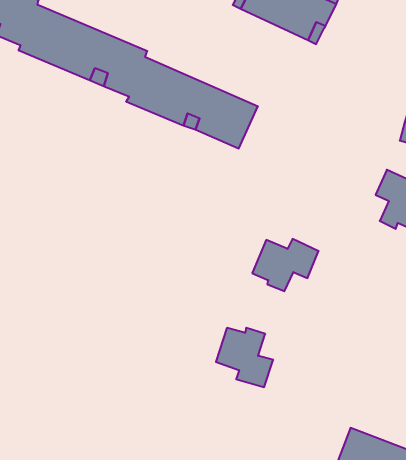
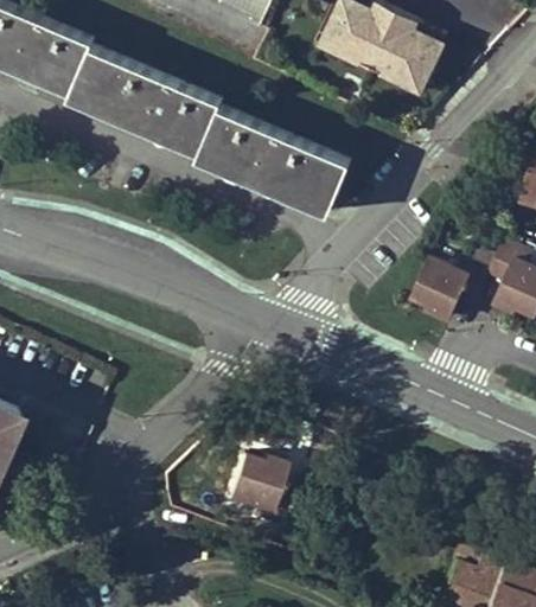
building: [252,239,319,291] -> [411,260,490,321]
building: [216,328,273,387] -> [225,448,293,518]

